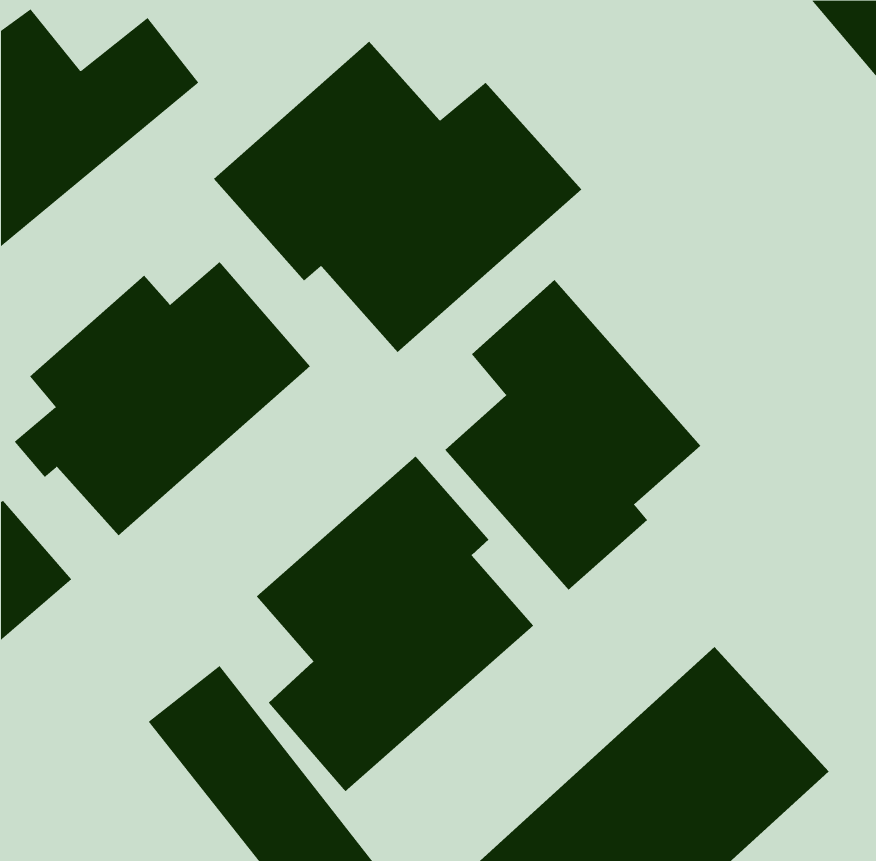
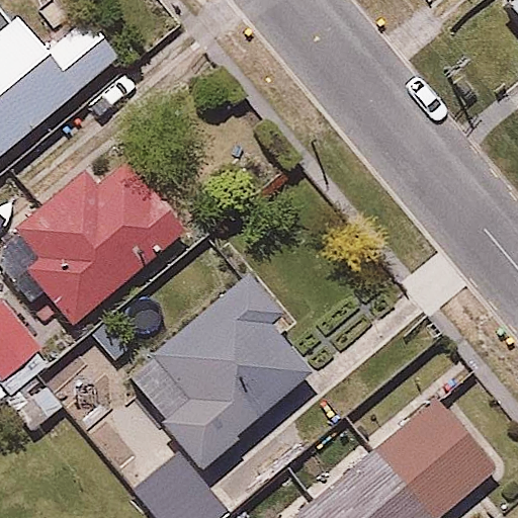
building: [213,41,582,353] -> none
building: [444,279,701,591] -> none

